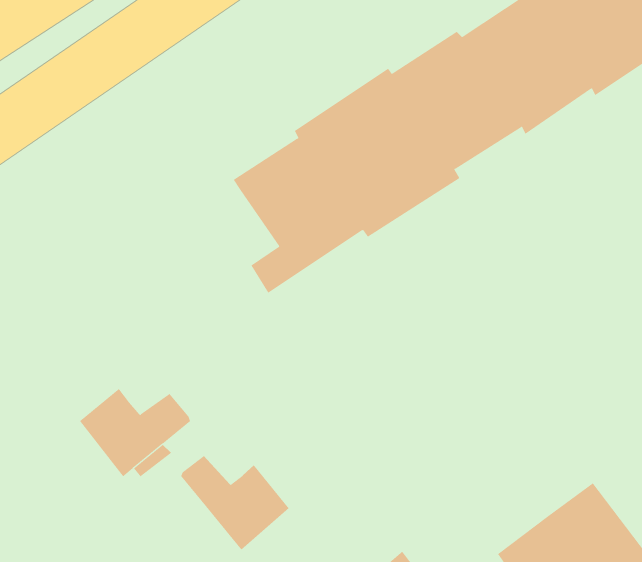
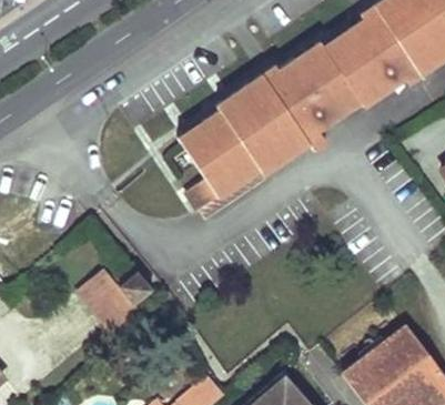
building: [180,455,290,551] -> none

